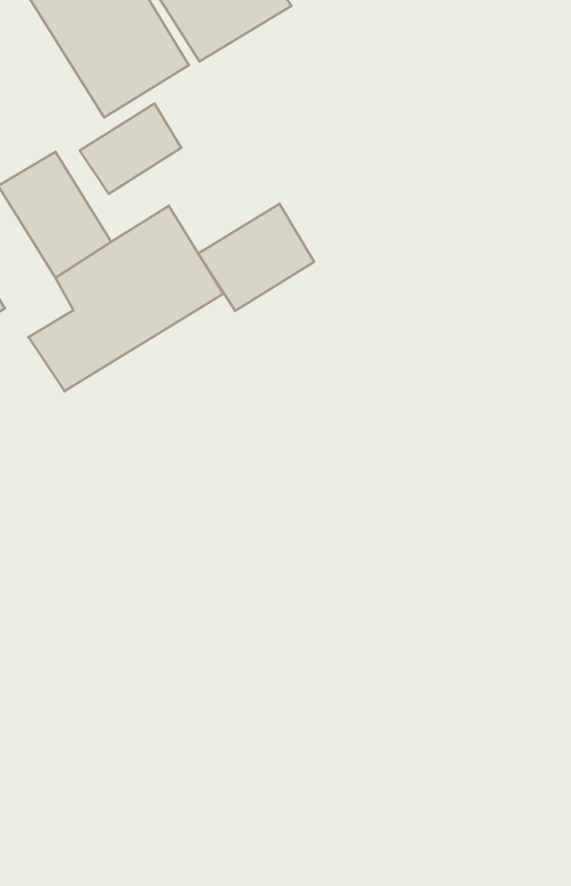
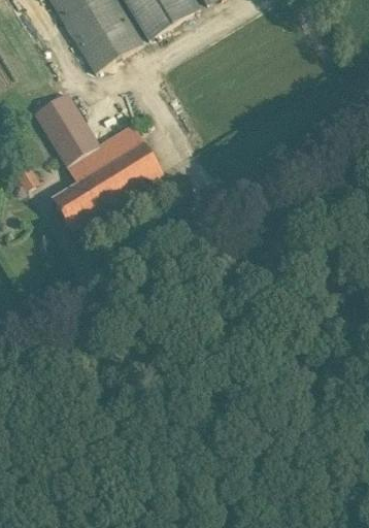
building: [80,104,181,194] -> none
building: [198,204,314,311] -> none

